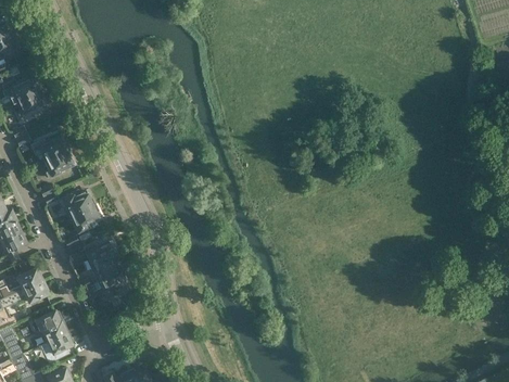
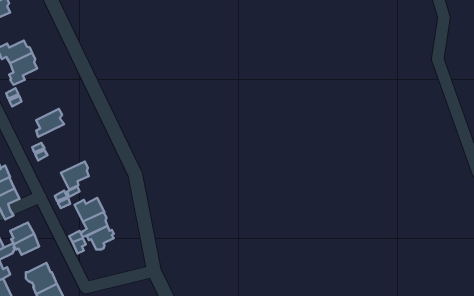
building: [33,137,67,162] -> none
building: [61,192,94,217] -> none

